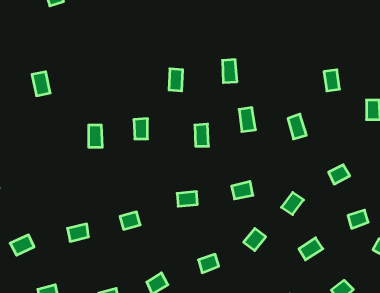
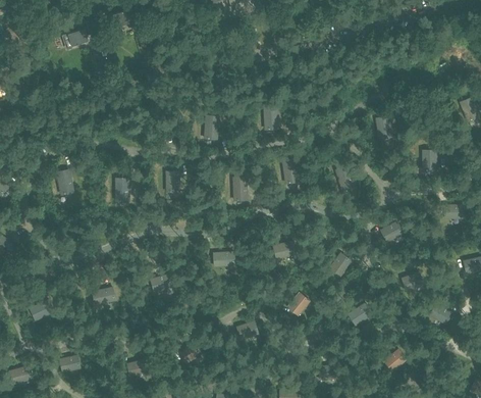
building: [32,72,50,96] -> [55,169,75,196]

